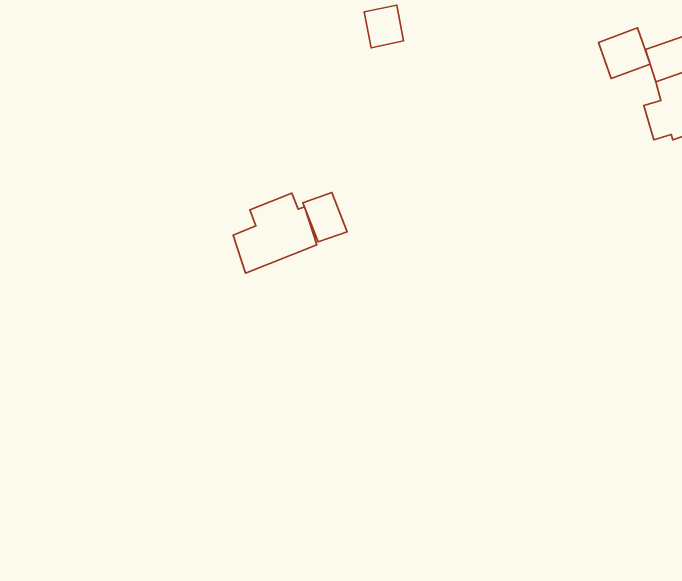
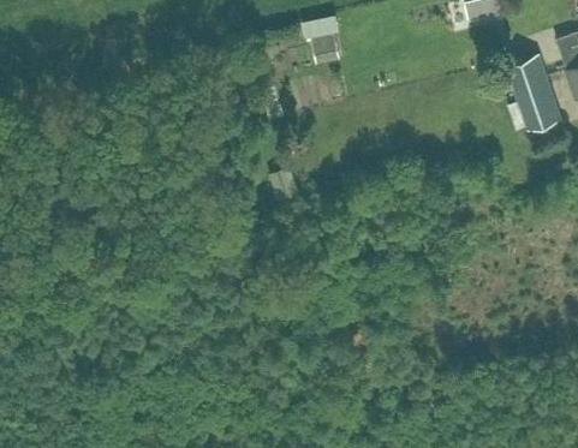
building: [599,28,650,79] -> none
building: [233,193,317,273] -> none

